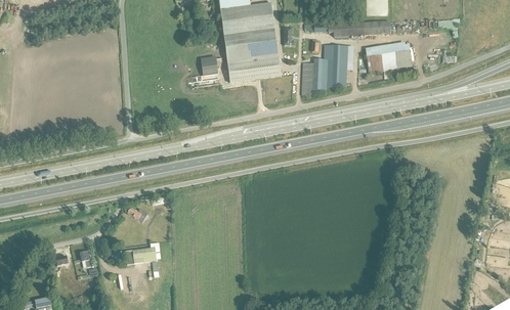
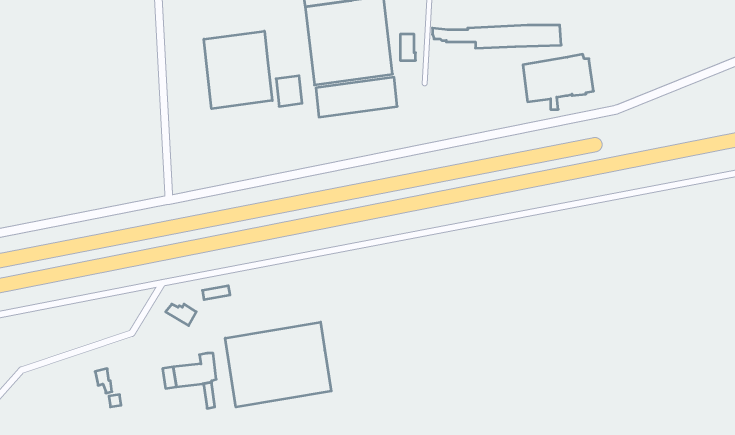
building: none -> [204,31,272,109]
building: [301,44,352,94] -> none
building: none -> [225,322,331,407]

